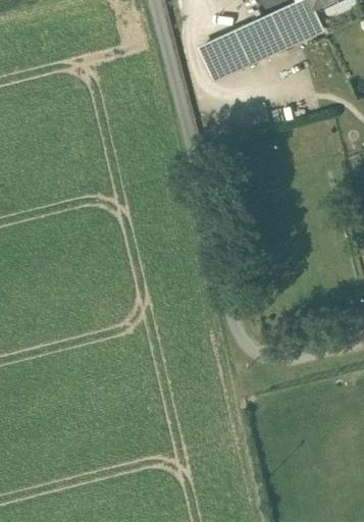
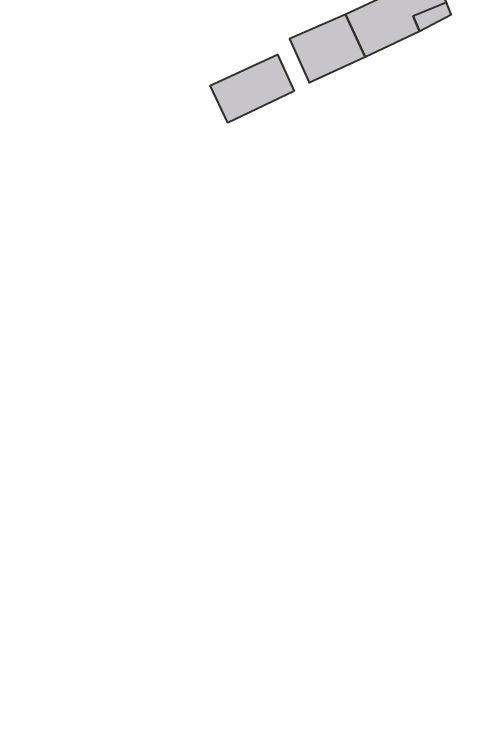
building: none -> [210,55,294,123]

